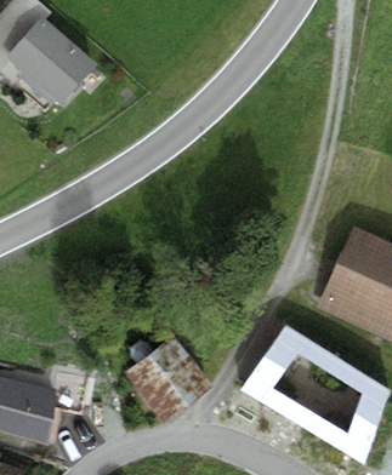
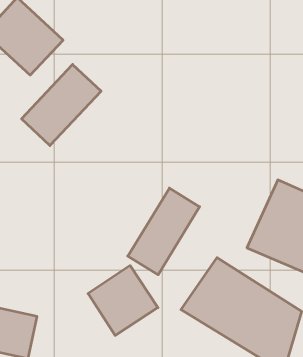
building: none -> [22,64,101,146]
building: none -> [128,188,200,275]

